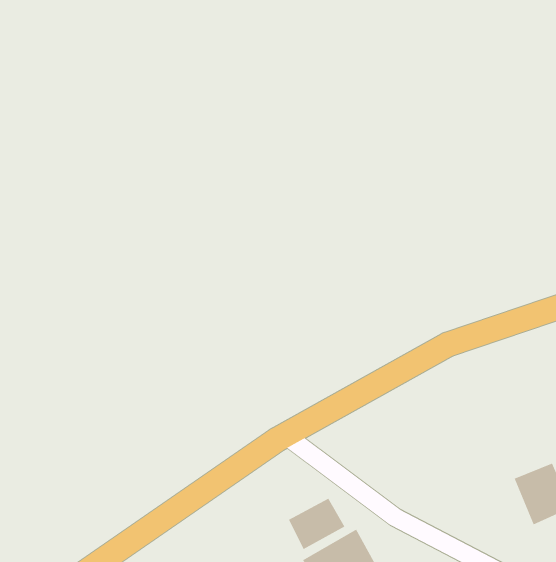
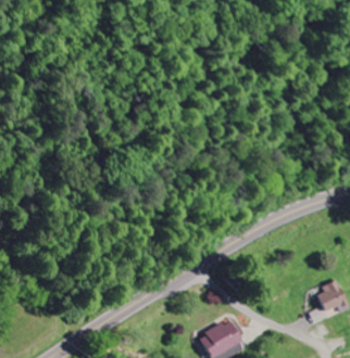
building: [288,498,345,550] -> none

